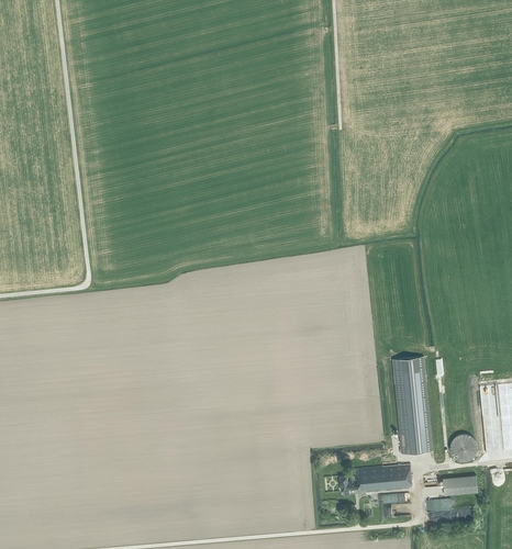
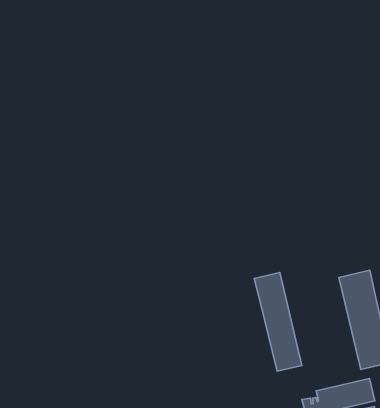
building: none -> [254,272,302,371]

